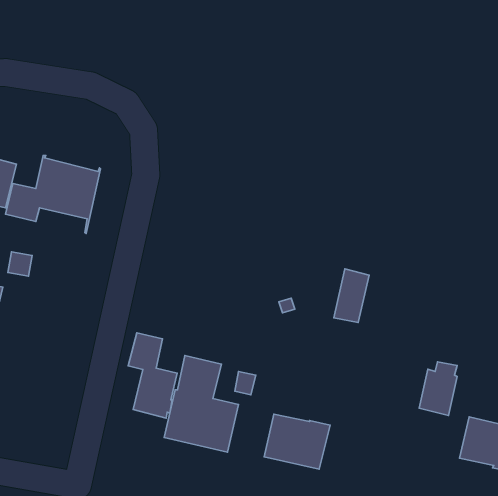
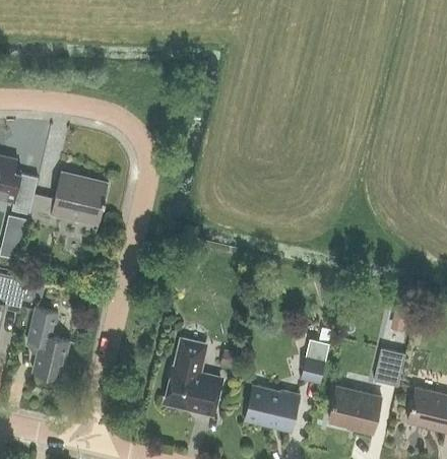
building: [334,269,369,323] -> [299,339,328,384]
building: [128,333,177,418] -> [28,308,69,379]
building: none -> [329,387,381,435]

